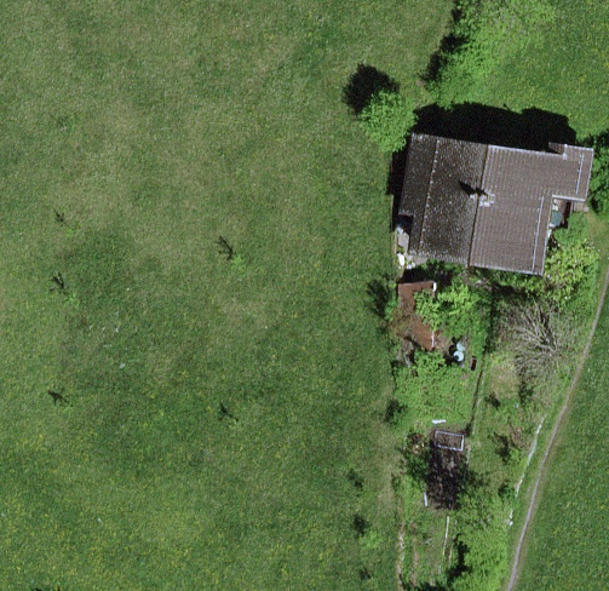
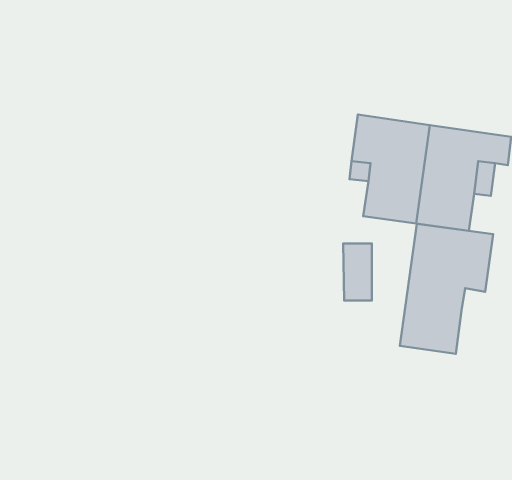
building: none -> [400,224,493,354]

